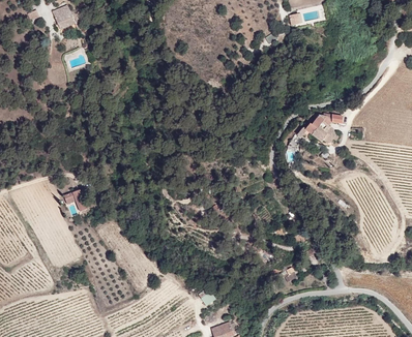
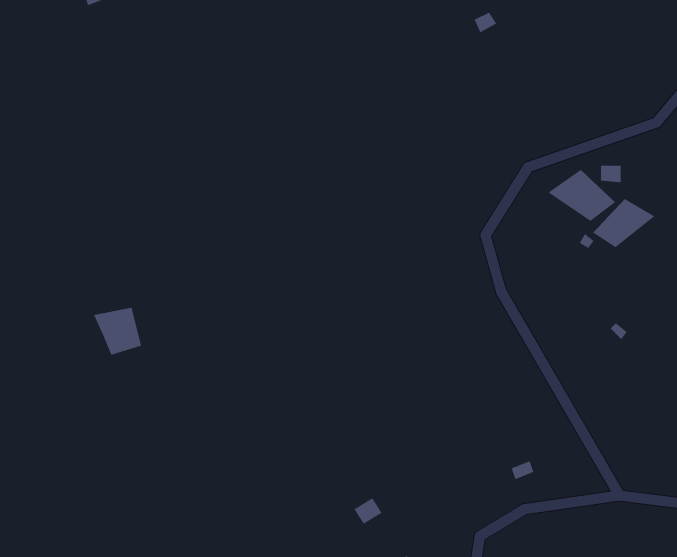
building: none -> [592,198,656,248]

